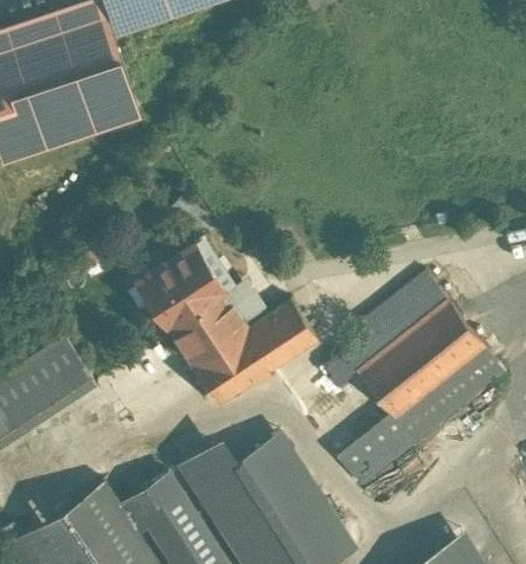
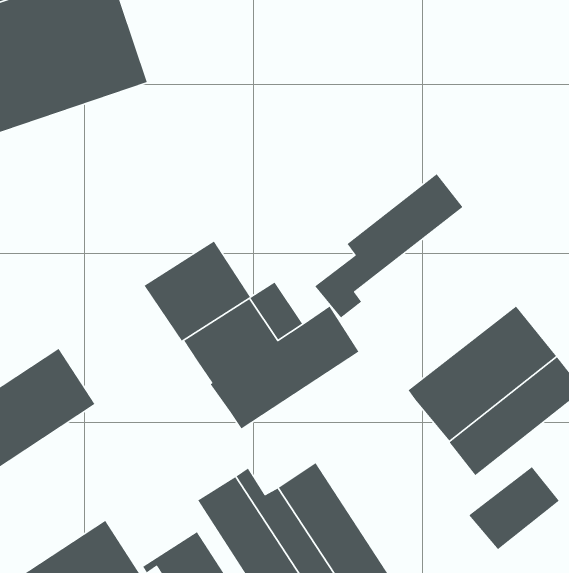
building: [322,274,448,396] -> [314,173,464,319]
building: [336,416,413,487] -> [468,466,560,550]
building: [122,474,180,521] -> none

